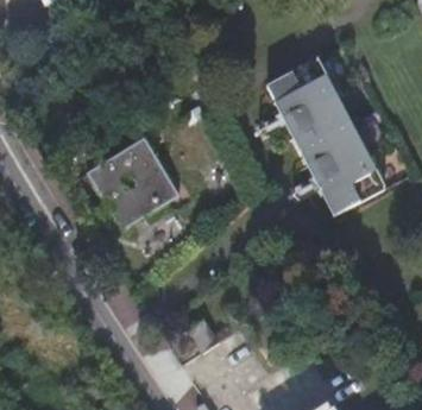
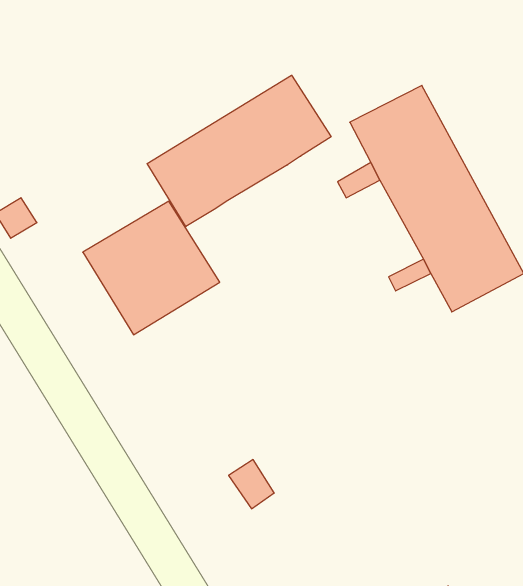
building: none -> [147,75,331,227]

